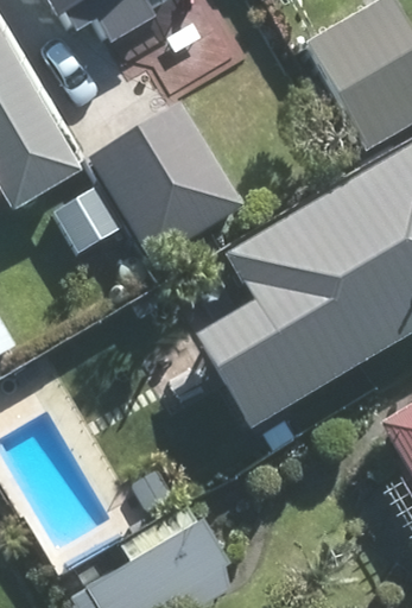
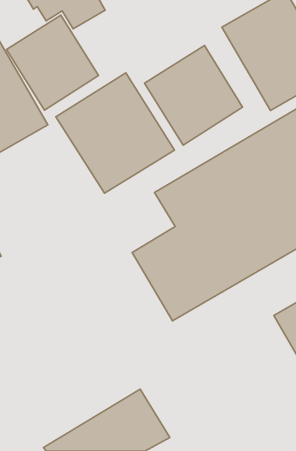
building: none -> [6,15,98,110]
building: none -> [144,45,243,145]

